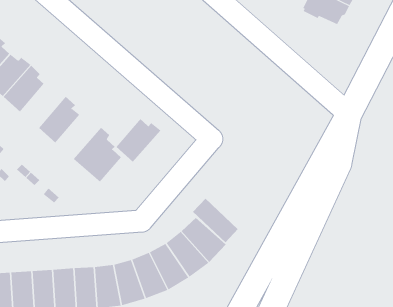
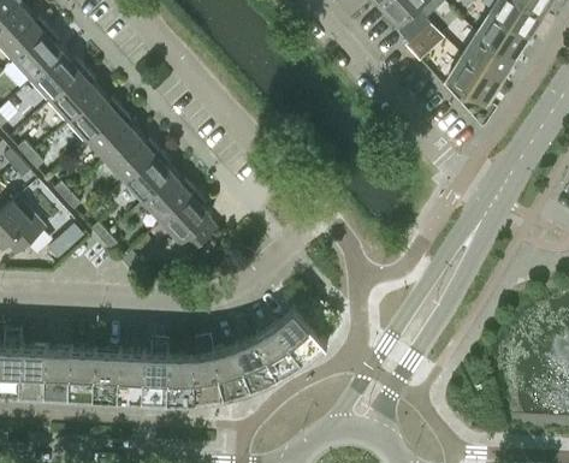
building: none -> [102,131,158,182]
building: [116,118,161,162] -> [140,172,195,222]
building: [192,198,238,243] -> none

